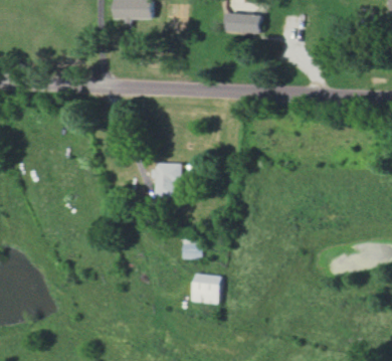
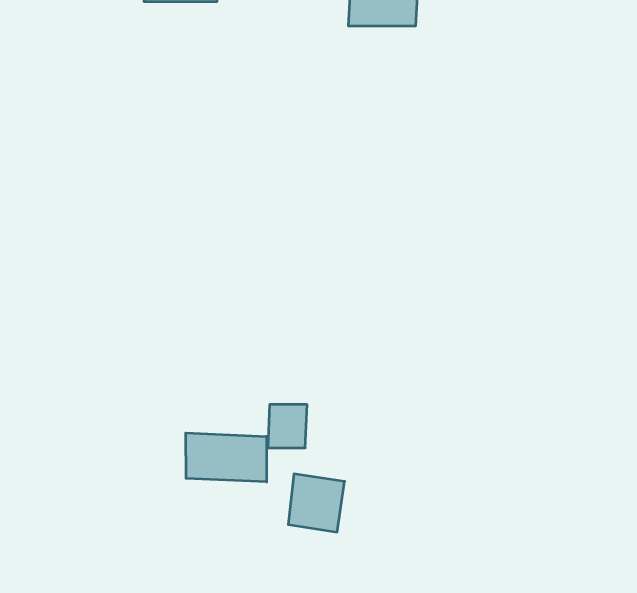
building: [153,164,181,197] -> none
building: none -> [186,433,267,482]

